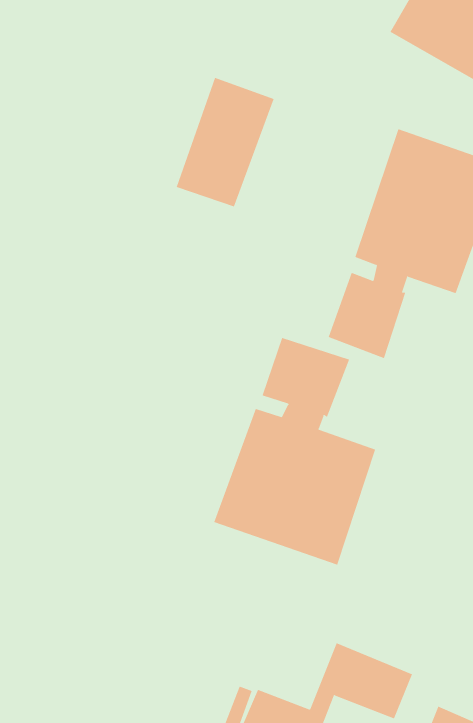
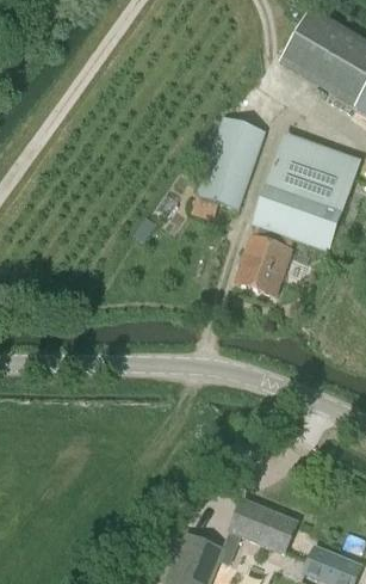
building: [176,77,274,207] -> [196,116,266,209]
building: [214,337,376,566] -> none

